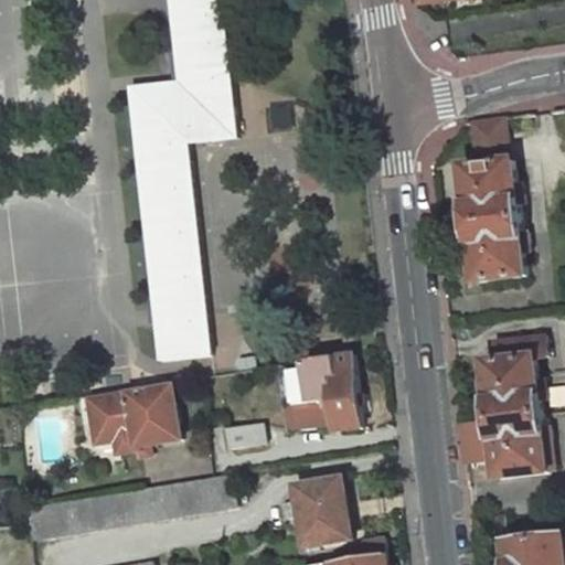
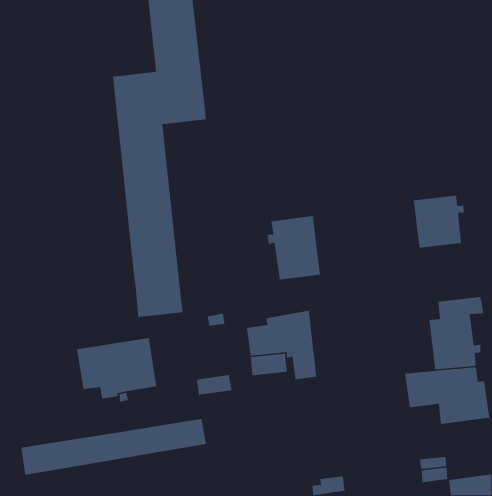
building: [460,116,521,226] -> none
building: none -> [267,215,321,281]
building: [294,481,350,546] -> none

